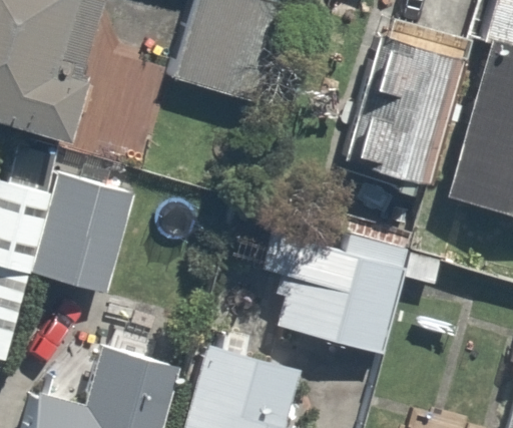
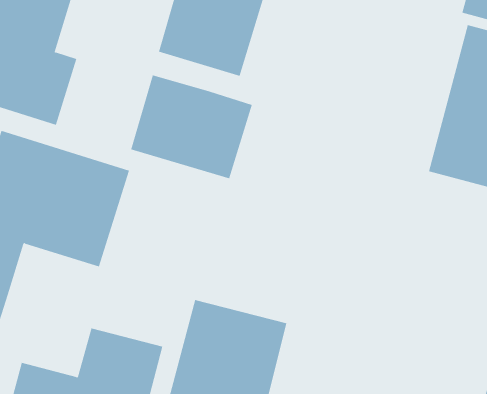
building: [361,41,460,187] -> none
building: none -> [131,75,253,179]
building: [245,223,410,356] -> none

